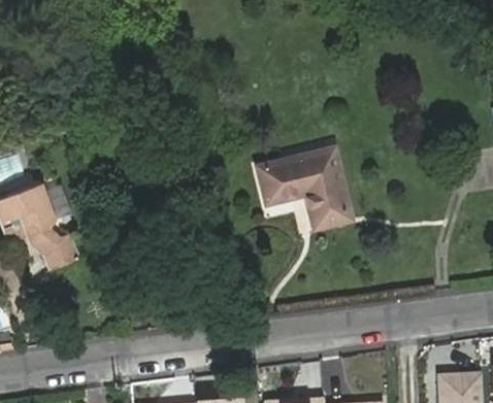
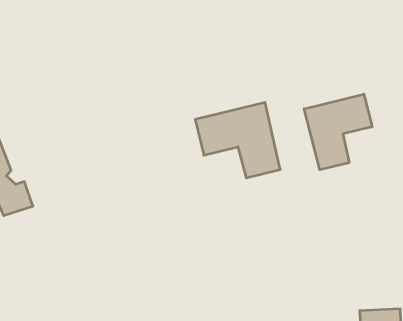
building: none -> [304,94,372,170]

